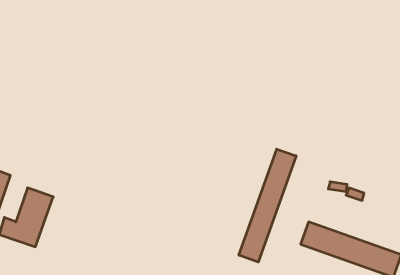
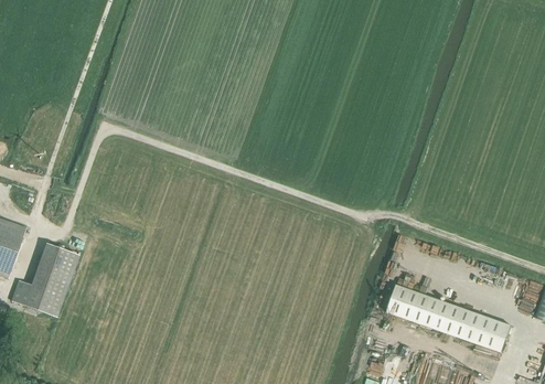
building: [239,149,296,262] -> none

